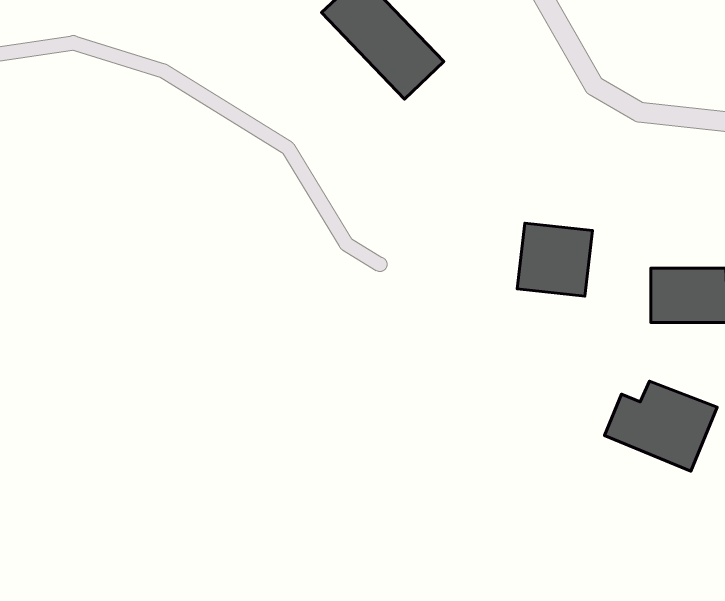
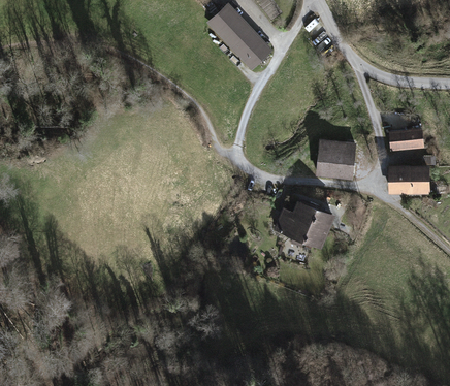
building: none -> [387,127,423,151]
building: [604,381,717,471] -> [274,199,335,249]

